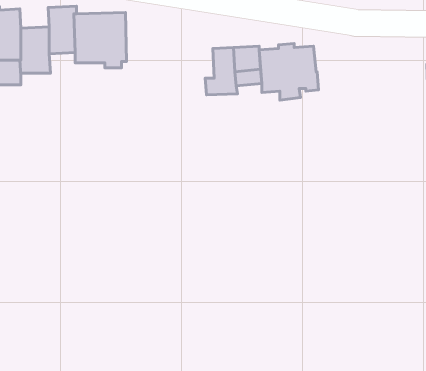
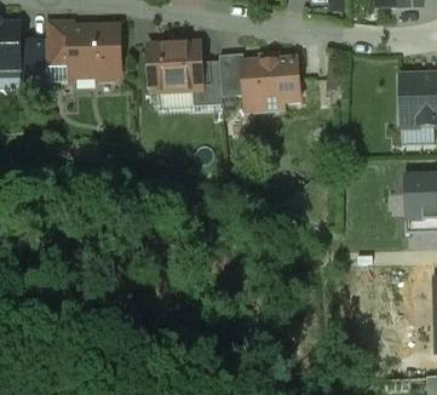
building: none -> [149,41,202,91]

